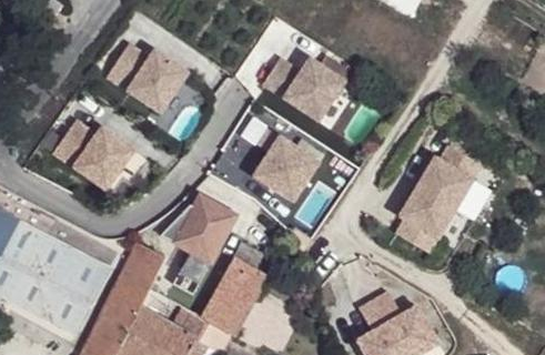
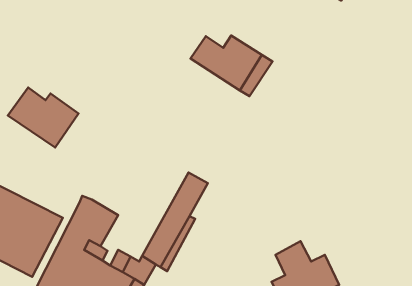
building: [103,42,184,111] -> none
building: [251,129,316,203] -> none
building: [397,150,483,255] -> none
building: [162,196,239,296] -> none

